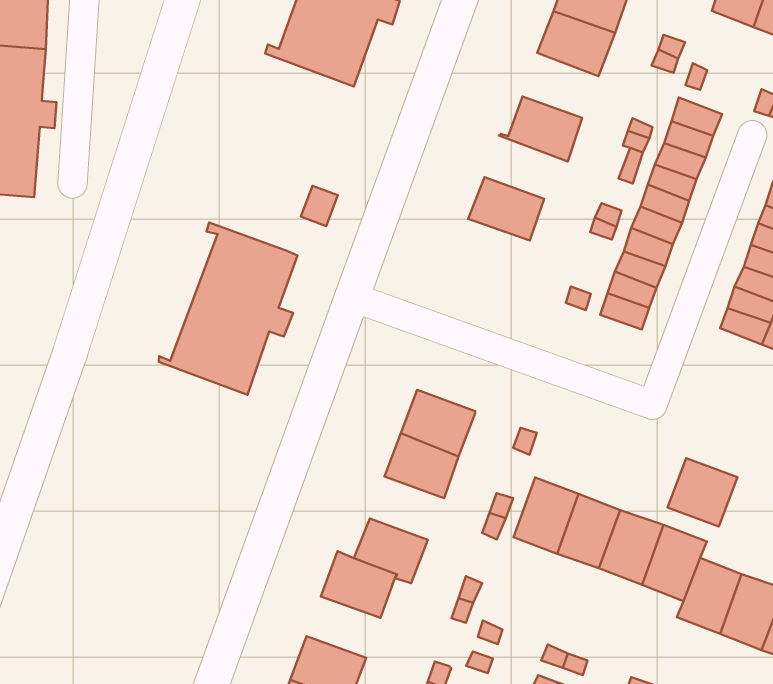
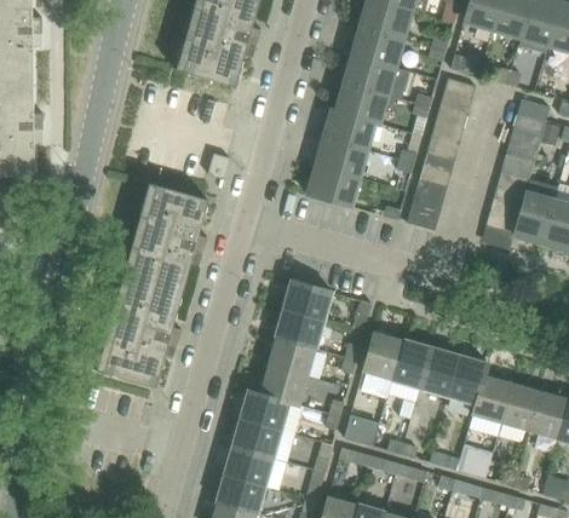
building: none -> [345,56,393,96]
building: none -> [324,111,378,150]
building: none -> [309,167,357,206]
building: none -> [96,276,182,386]
building: [667,458,738,526] -> none
building: none -> [268,339,315,378]
building: none -> [232,420,280,457]

